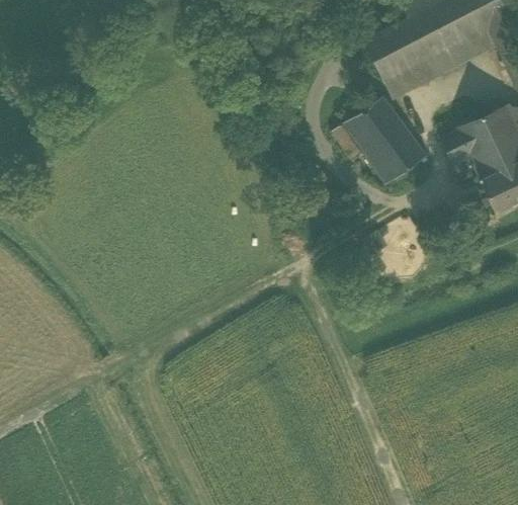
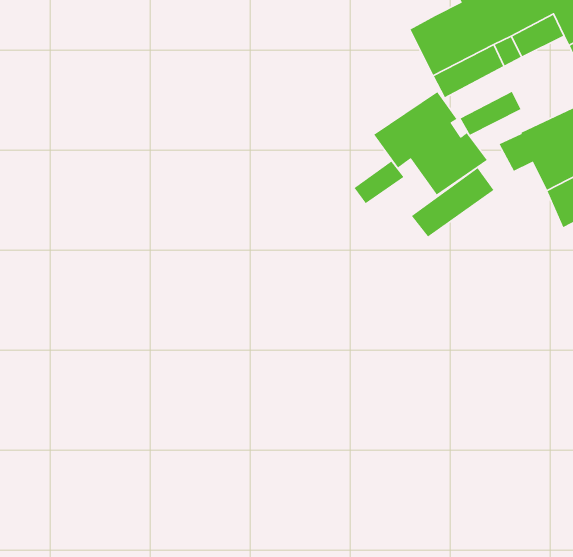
building: none -> [460,91,522,136]
building: none -> [354,160,404,204]
building: none -> [411,167,494,237]

